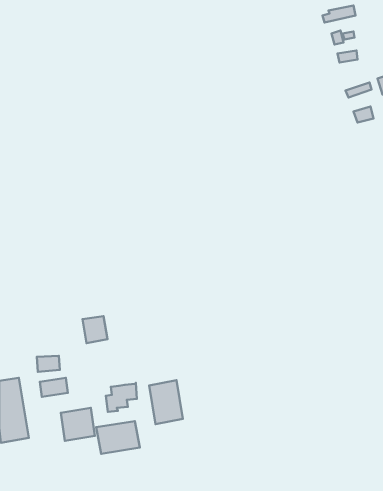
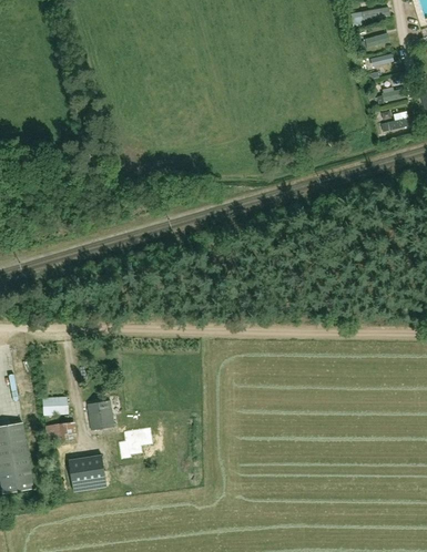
building: [83,316,108,343] -> [85,399,113,429]
building: [149,380,183,424] -> none
building: [96,421,140,454] -> none

